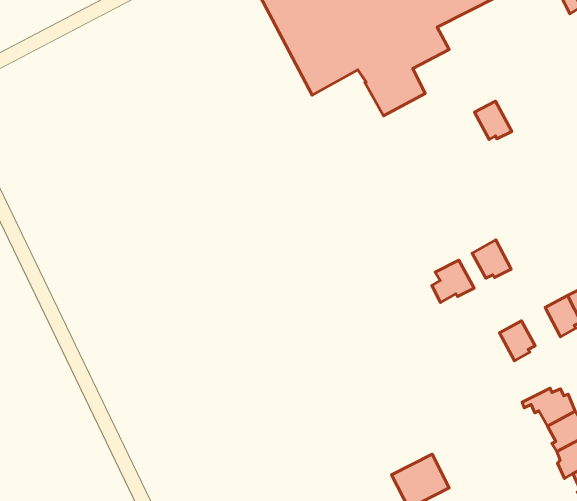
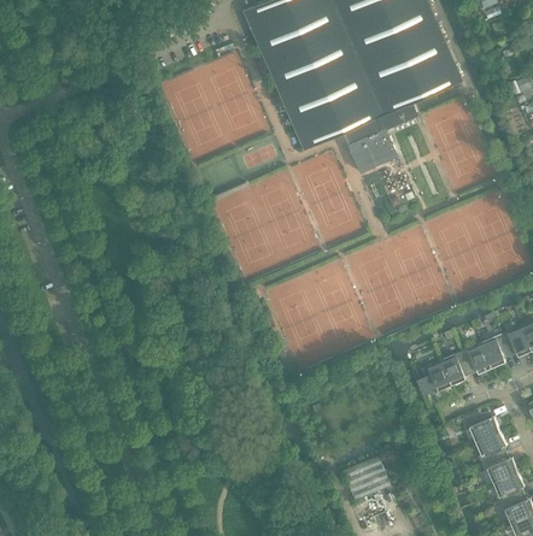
building: [474,101,512,139] -> none
building: [472,240,511,278] -> [462,343,493,375]
building: [432,260,474,302] -> [418,361,453,395]

